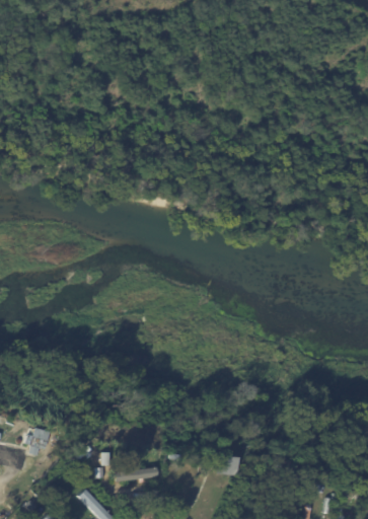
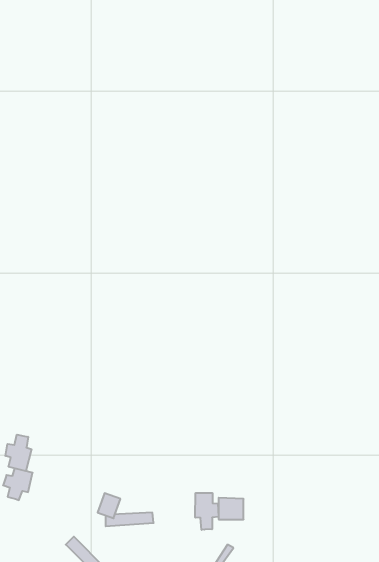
building: none -> [5,435,32,471]
building: none -> [195,493,219,530]

